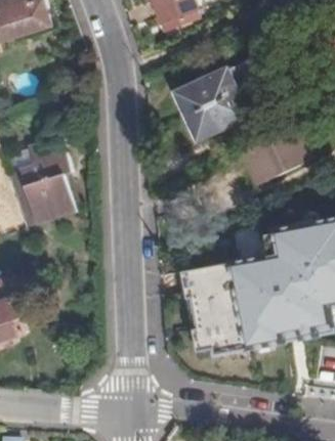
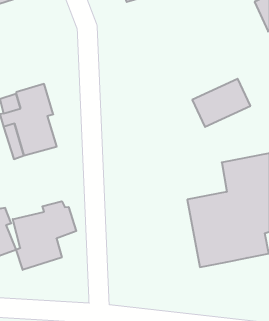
building: [176,62,258,141] -> none
building: [182,262,250,360] -> none
building: none -> [13,201,76,270]

